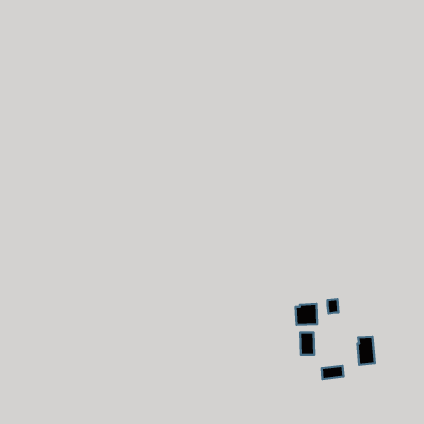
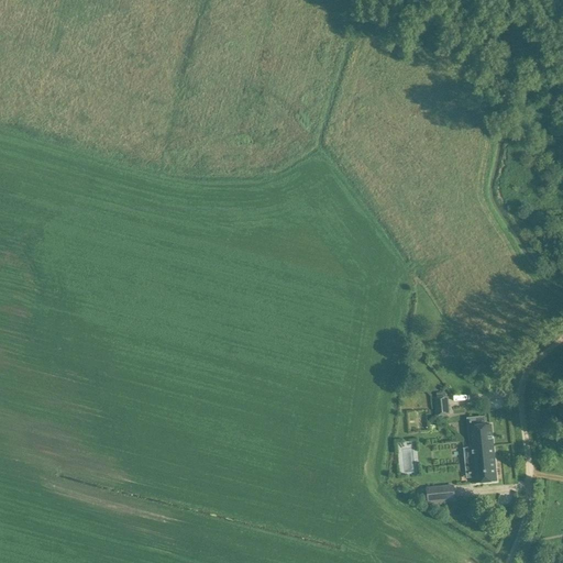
building: [295,304,317,325] -> none
building: none -> [470,423,493,446]

